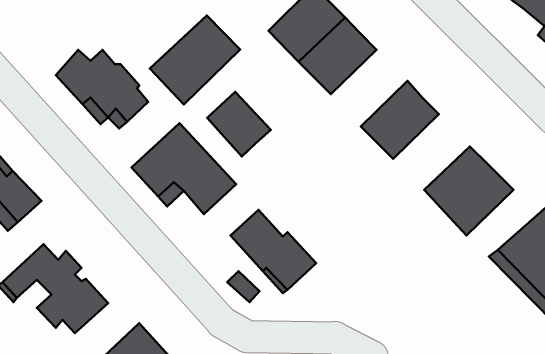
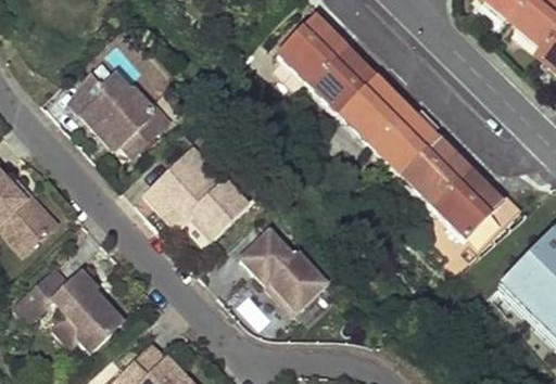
building: [150,15,240,104] -> none
building: none -> [339,75,414,150]
building: [207,92,271,157] -> none
building: none -> [400,138,475,212]

